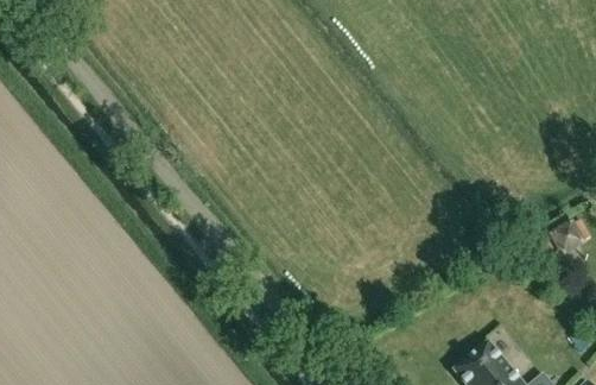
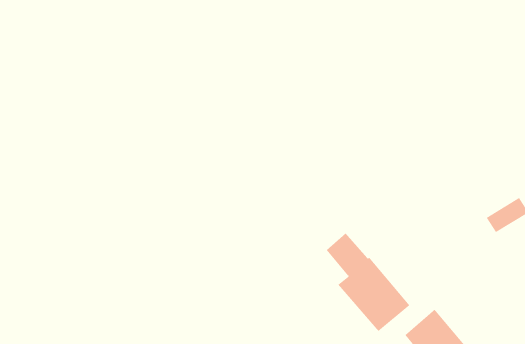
building: none -> [326,233,410,332]

